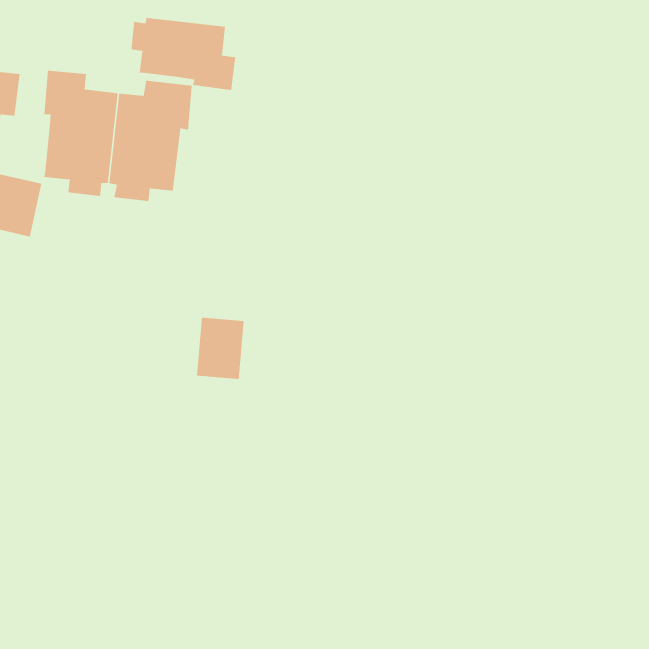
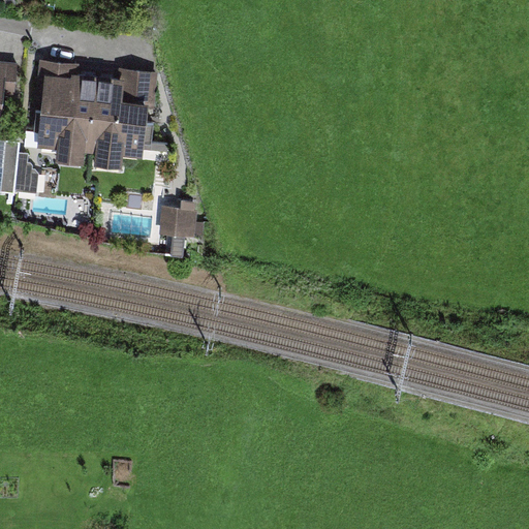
building: [131,17,236,91] -> none
building: [196,317,245,380] -> [161,205,200,255]

